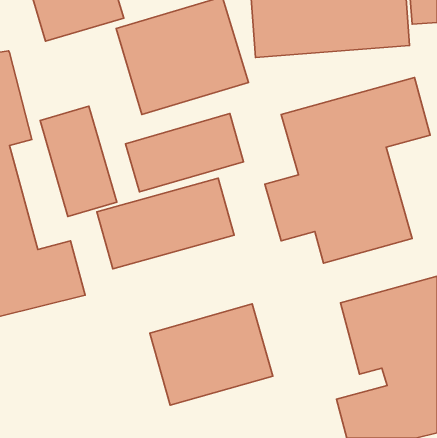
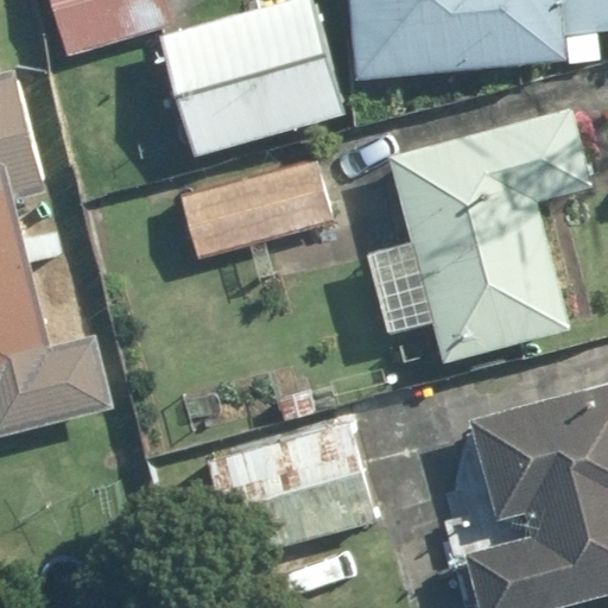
building: [40,106,117,216] -> none
building: [97,178,234,269] -> none

